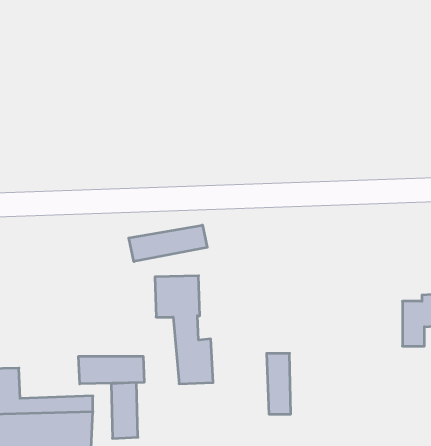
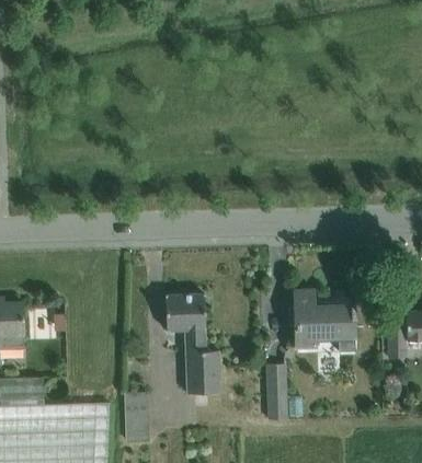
building: [129,225,207,262] -> none
building: none -> [293,289,356,355]
building: [79,356,144,384] -> none

